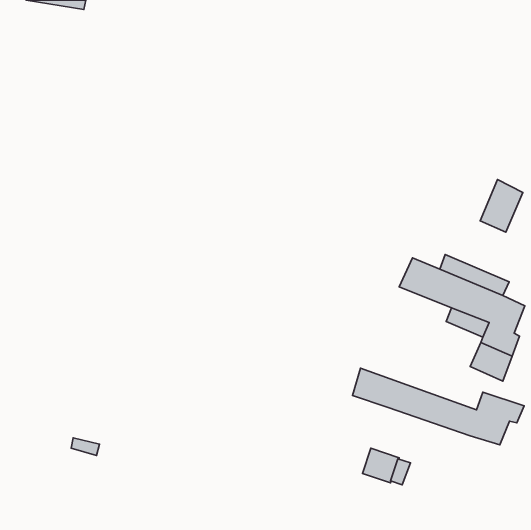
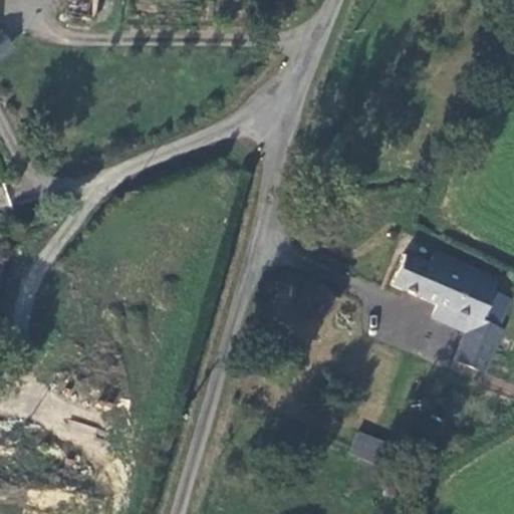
building: [480,180,523,232] -> none
building: [352,368,524,445] -> none

